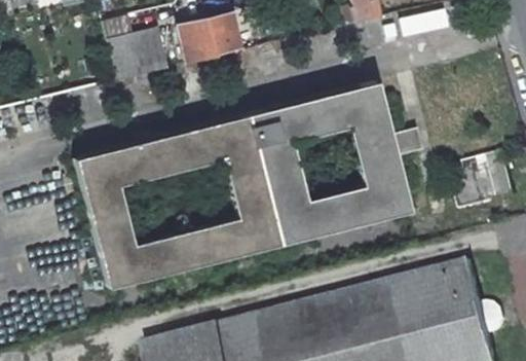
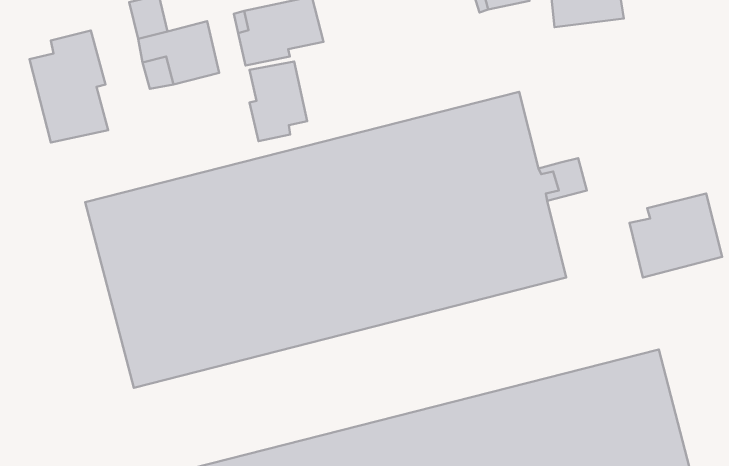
building: none -> [30,31,108,142]
building: none -> [249,62,307,141]

